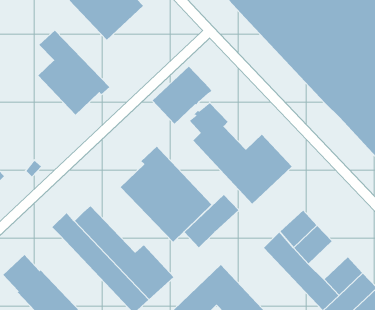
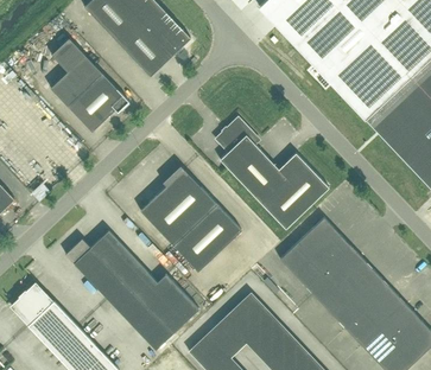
building: [152,66,213,124] -> [126,12,192,76]
building: [184,194,239,248] -> [280,217,341,276]
building: none -> [347,269,389,311]

